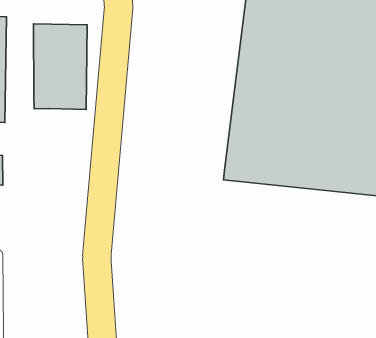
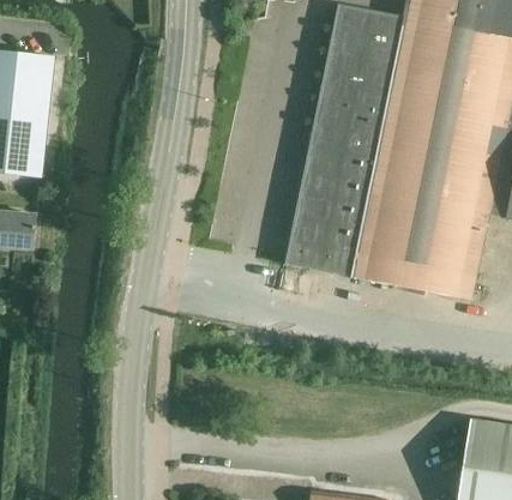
building: [33,24,87,109] -> none

